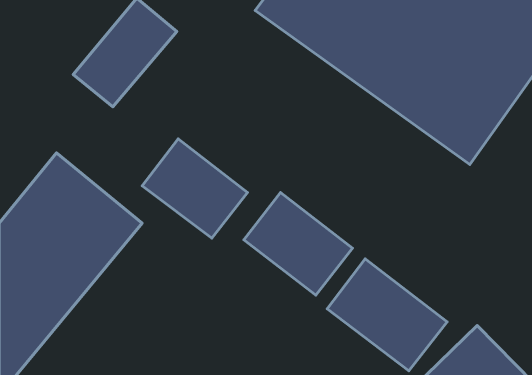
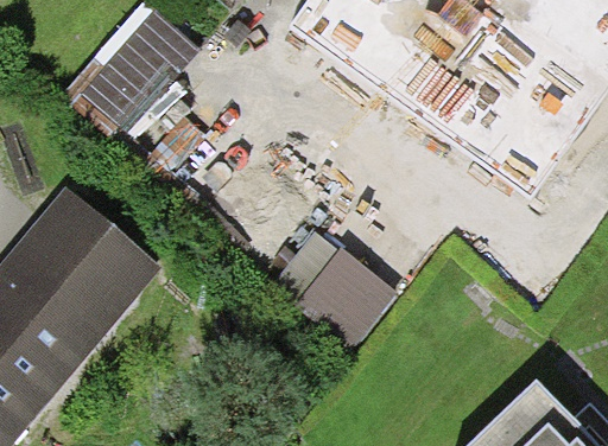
building: [142,139,248,238] -> none
building: [327,259,447,371] -> none

